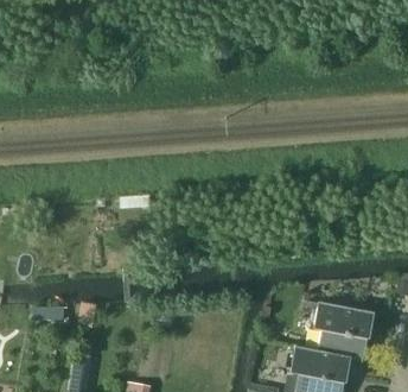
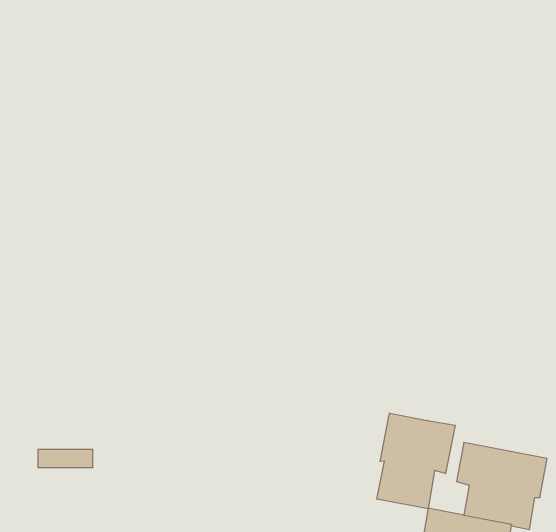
building: none -> [377,413,455,509]

